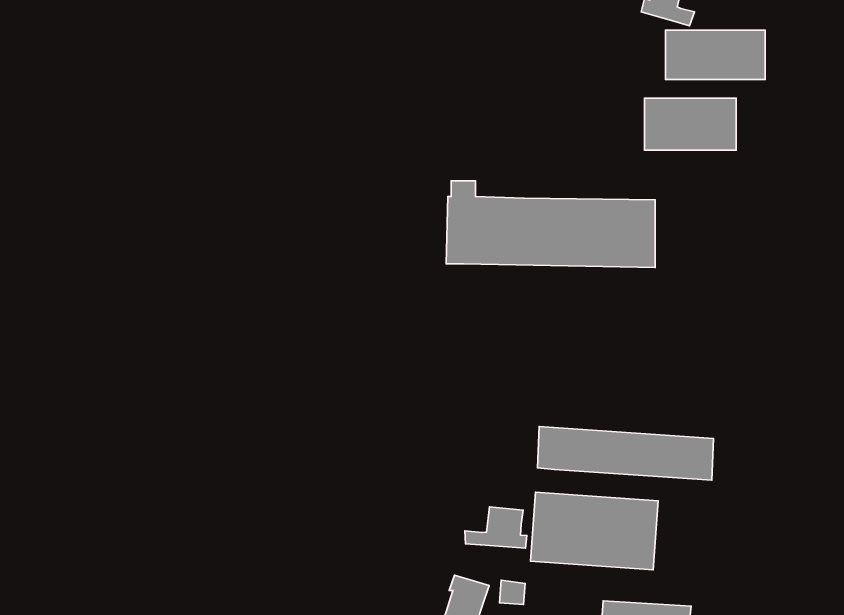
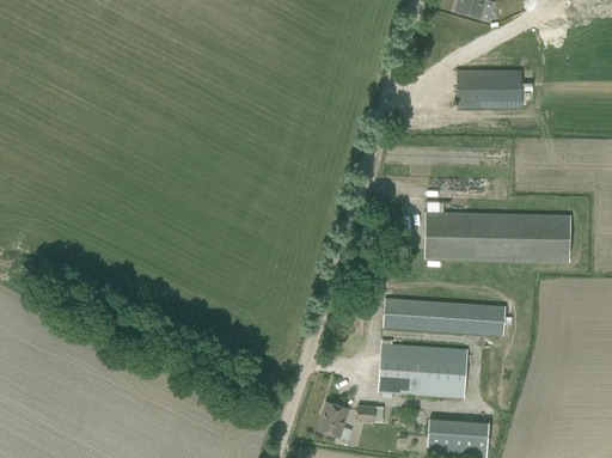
building: [665,30,765,79] -> none
building: [446,181,655,267] -> [424,201,569,261]
building: [465,507,527,548] -> none

